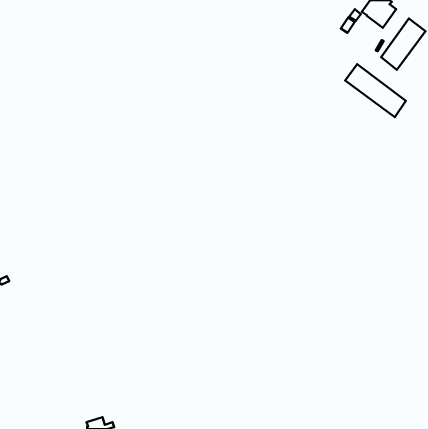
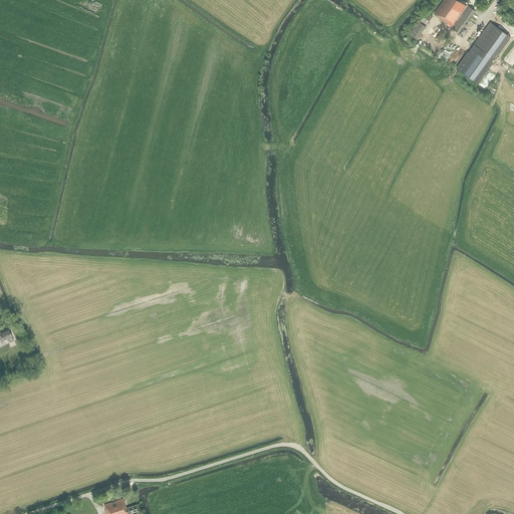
building: [345,64,406,117] -> none

